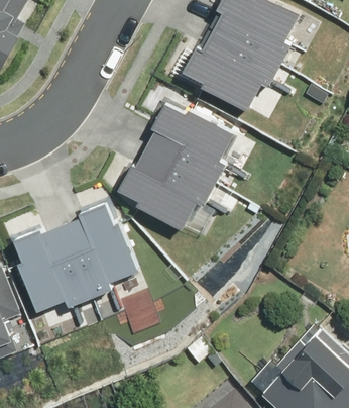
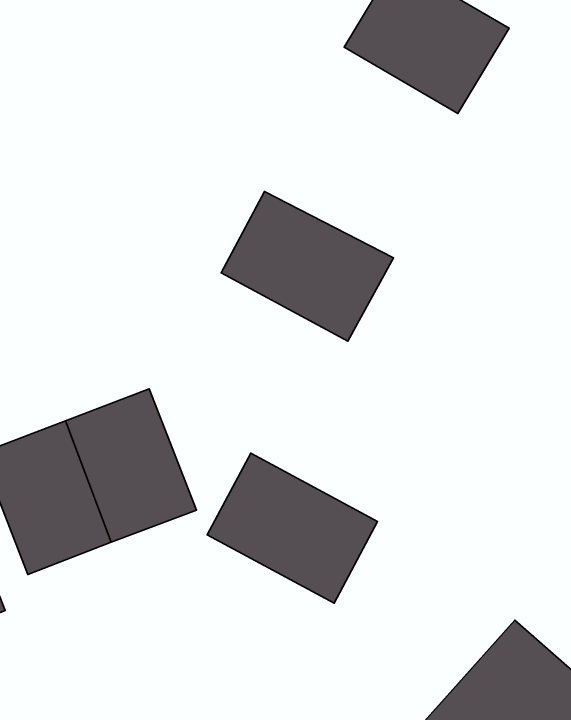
building: [185,26,272,107] -> none
building: [123,146,214,226] -> [207,453,378,603]

